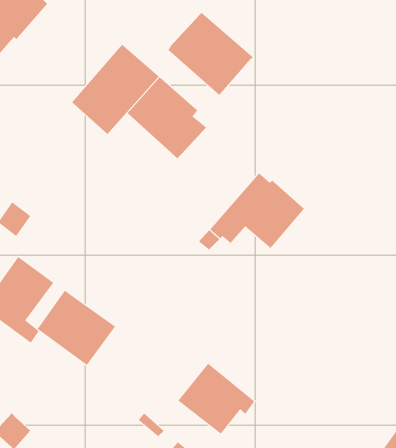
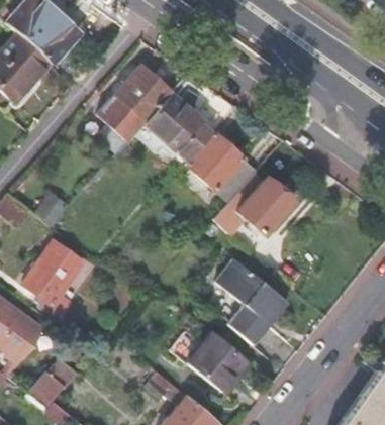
building: [168,12,254,96] -> [186,132,258,202]
building: none -> [216,257,290,343]
building: [37,290,116,366] -> none

